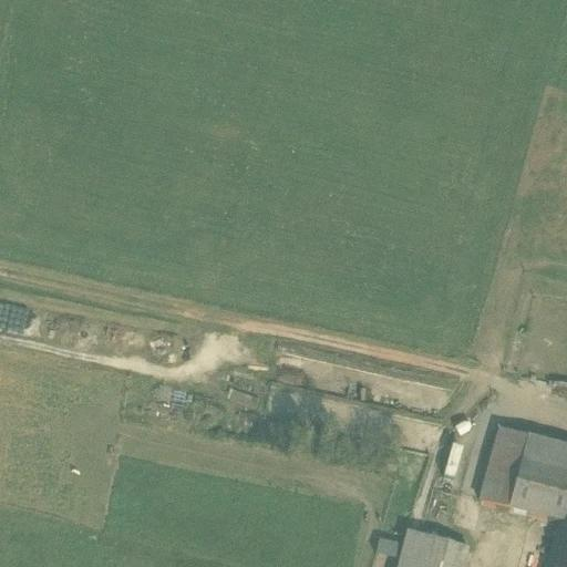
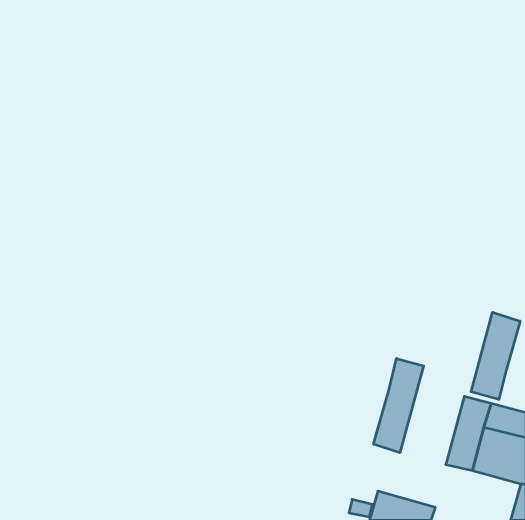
building: none -> [471,312,520,399]
building: none -> [374,358,424,453]

